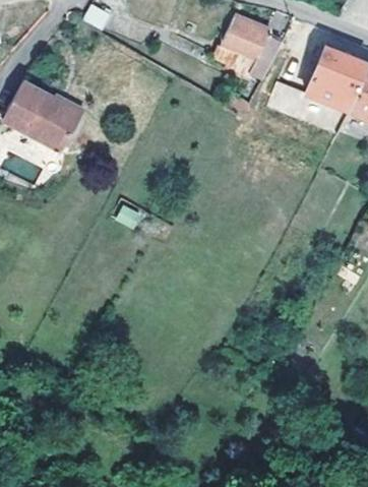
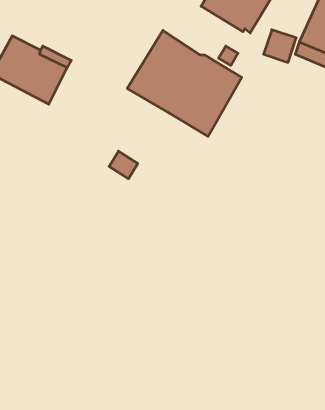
building: none -> [127,30,242,136]

